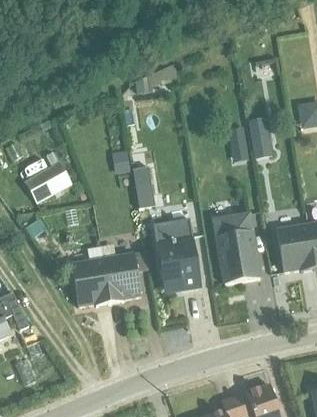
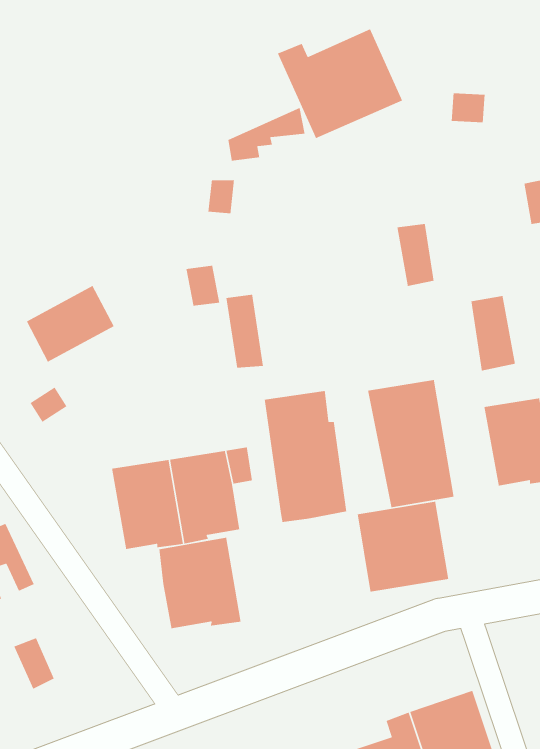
building: none -> [277,28,403,139]
building: [248,116,273,158] -> [470,295,516,372]
building: none -> [357,501,449,592]
building: none -> [158,537,241,629]

